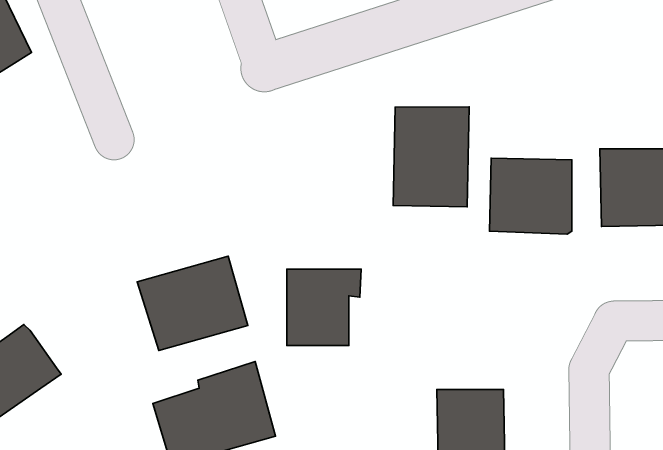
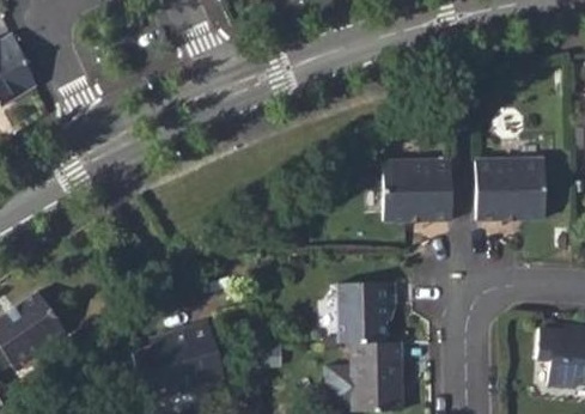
building: [393,107,469,207] -> none
building: [137,256,248,351] -> none
building: [287,269,361,345] -> [336,284,394,342]

